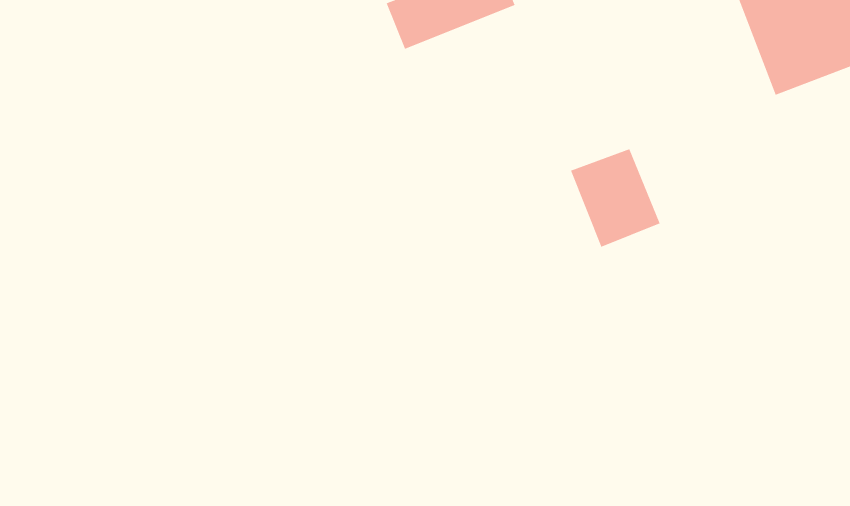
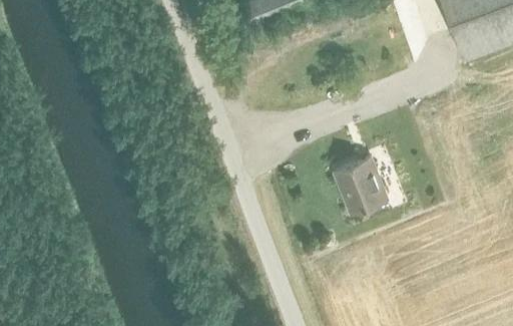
building: [570,148,661,247] -> [334,157,387,216]

